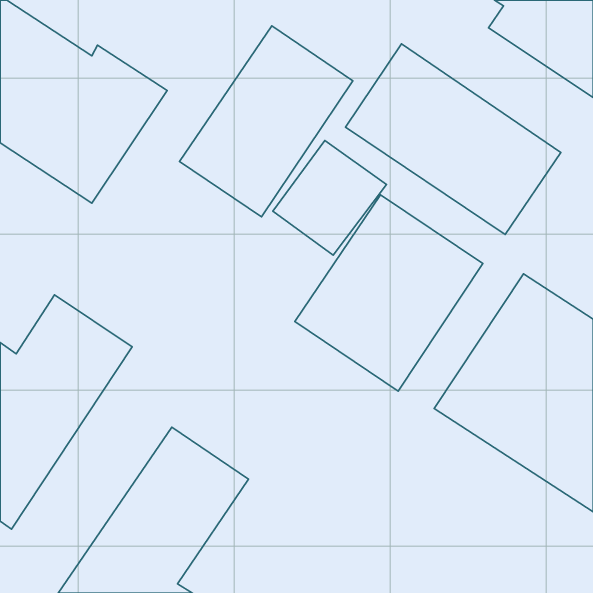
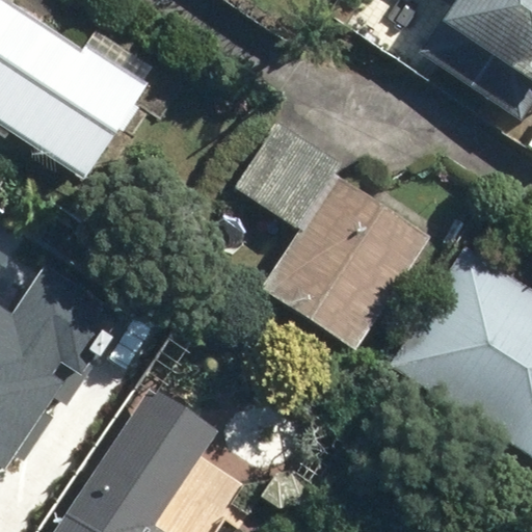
building: [179,26,353,217] -> none
building: [346,44,561,234] -> none

